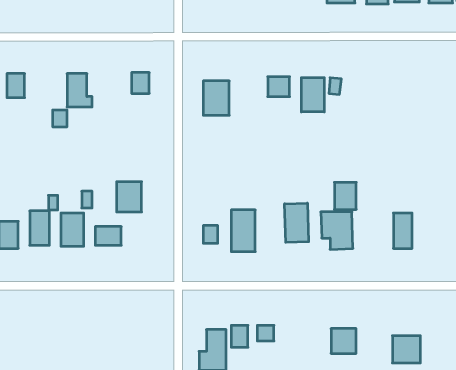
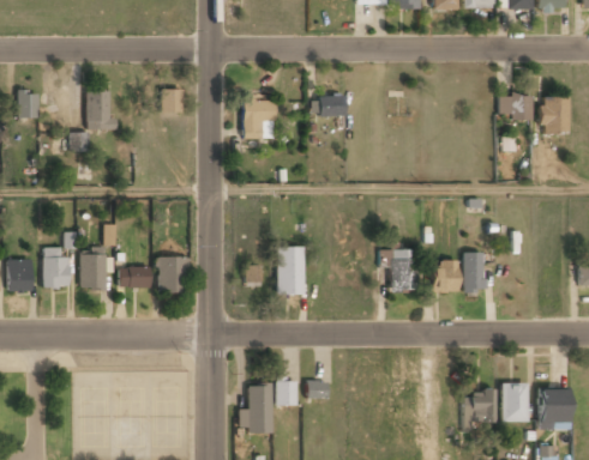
building: none -> [499,95,531,121]
building: [301,78,324,112] -> none
building: [117,182,142,212] -> [158,258,187,292]
building: [334,182,356,209] -> [433,261,458,292]
building: [285,203,309,242] -> none
building: none -> [501,383,527,423]

